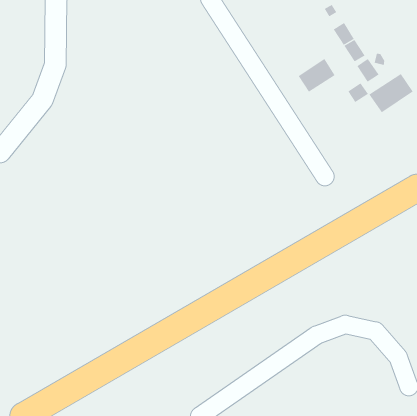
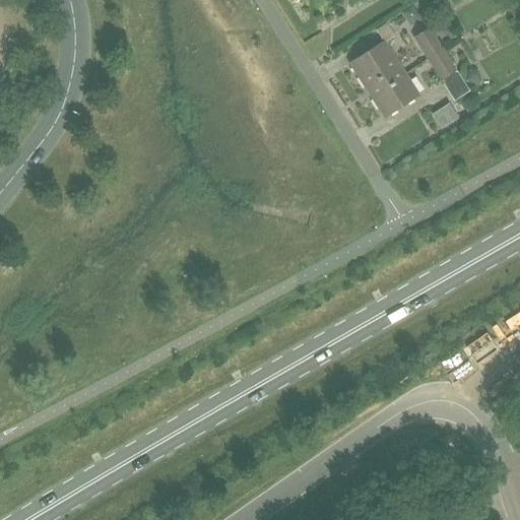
building: none -> [350,41,404,94]
building: [368,73,413,113] -> none

